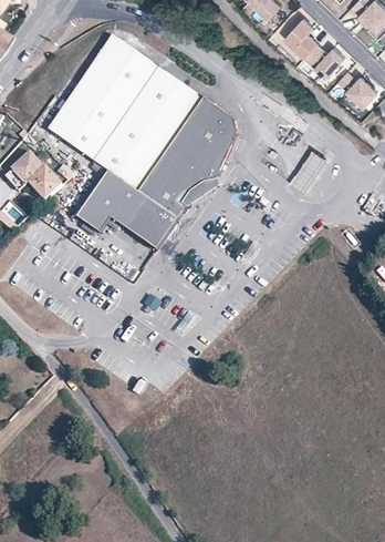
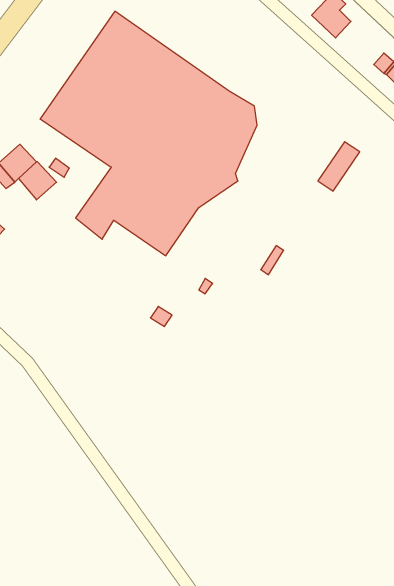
building: [304,43,345,79] -> none

